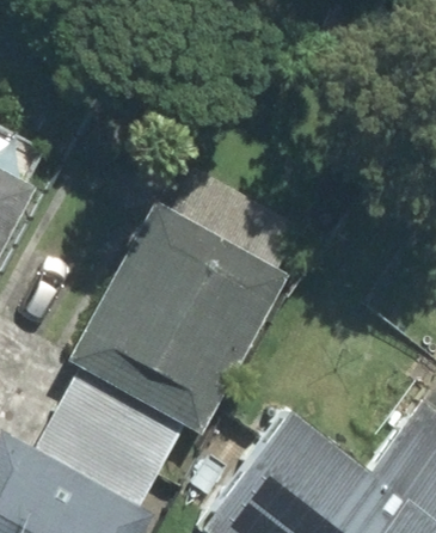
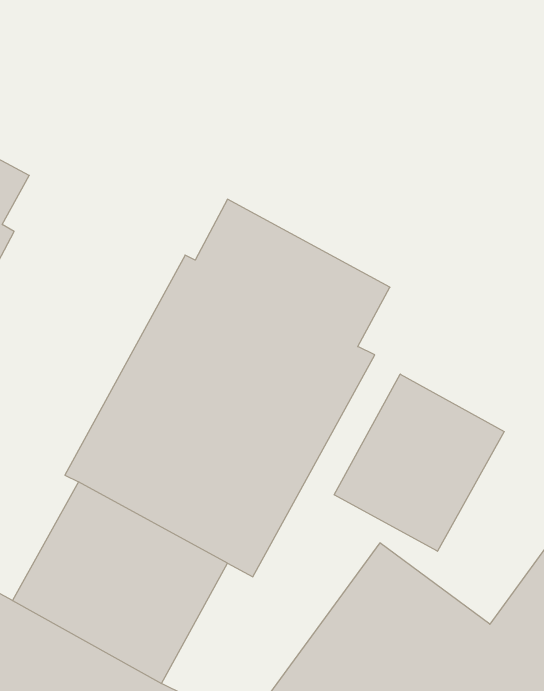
building: none -> [334,374,504,551]

